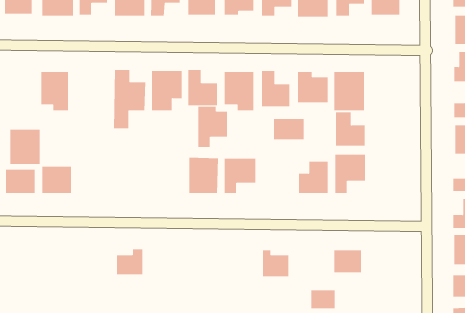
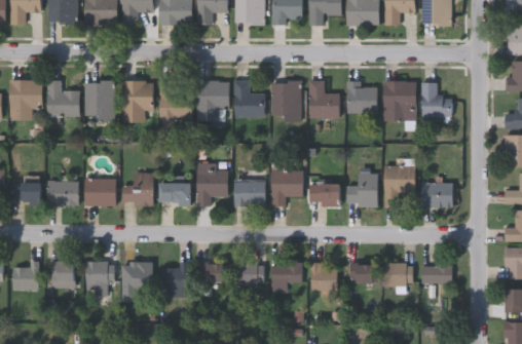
building: none -> [121,80,152,121]
building: [197,106,228,147] -> [197,163,228,205]
building: [335,112,365,146] -> [420,82,451,117]
building: [273,119,305,140] -> [309,183,341,204]
building: [9,129,41,164] -> [47,80,79,116]
building: none -> [123,173,154,203]
building: none -> [160,183,191,203]
building: none -> [422,183,453,206]
building: none -> [50,261,76,288]
building: none -> [86,261,115,286]
building: none -> [270,262,301,292]
building: none -> [123,263,152,289]
building: none -> [206,263,225,282]
building: none -> [234,263,263,284]
building: none -> [422,265,453,282]
building: [310,290,336,309] -> [349,263,375,282]

